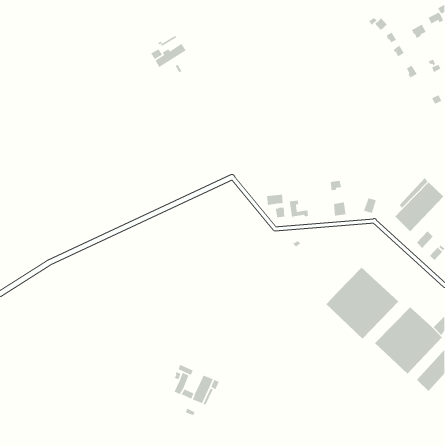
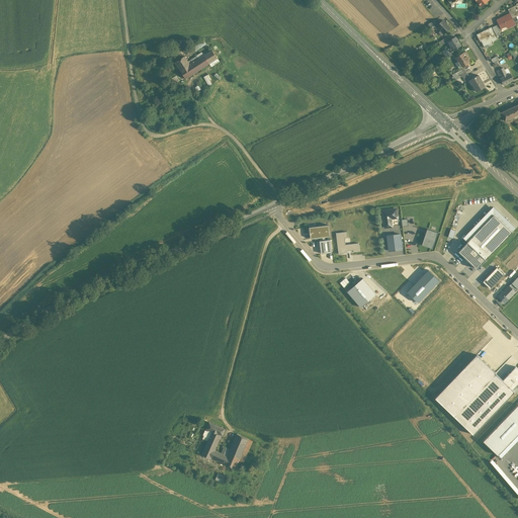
building: none -> [406,269,439,303]
building: none -> [346,278,375,308]
building: [325,267,399,339] -> none

